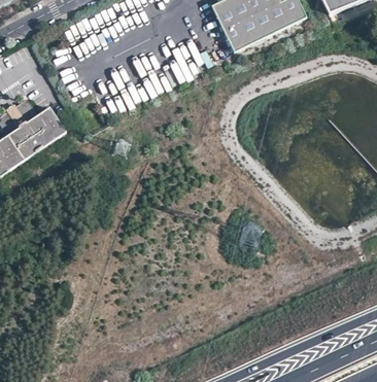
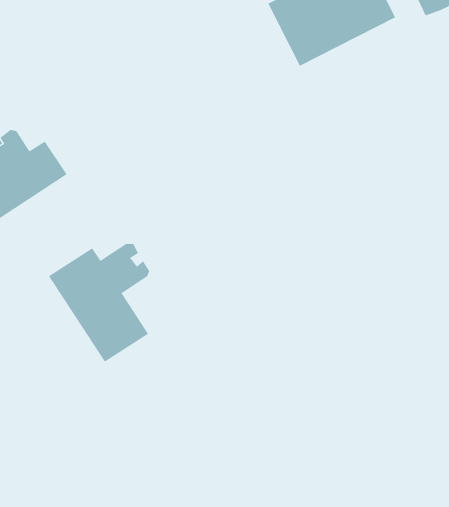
building: none -> [48,243,150,363]

